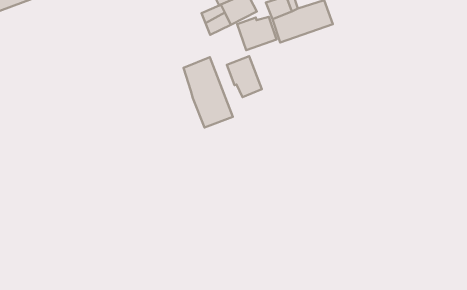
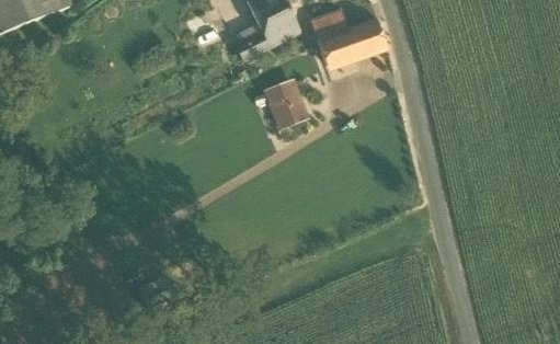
building: [237,17,276,50] -> none
building: [183,57,233,127] -> none

